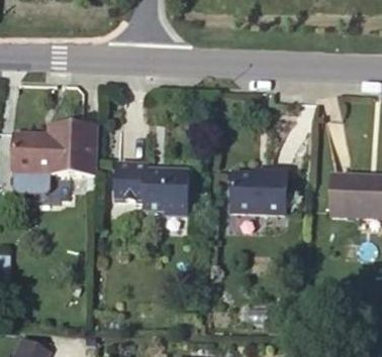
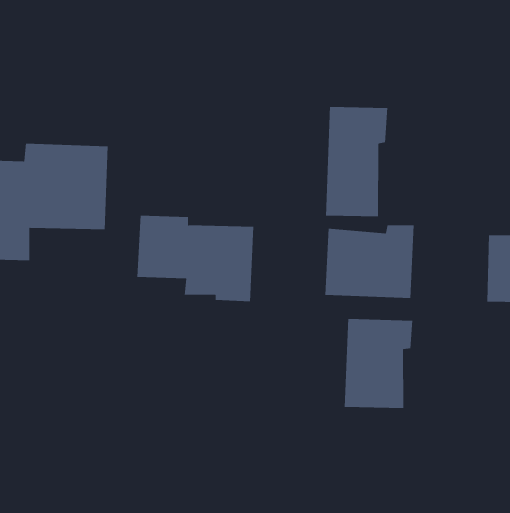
building: none -> [325,106,388,217]
building: none -> [344,318,413,409]

